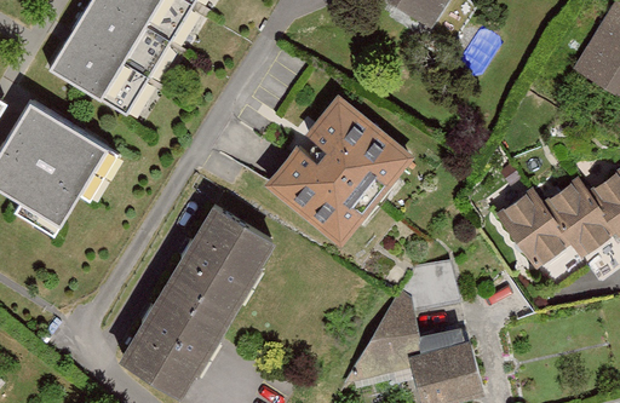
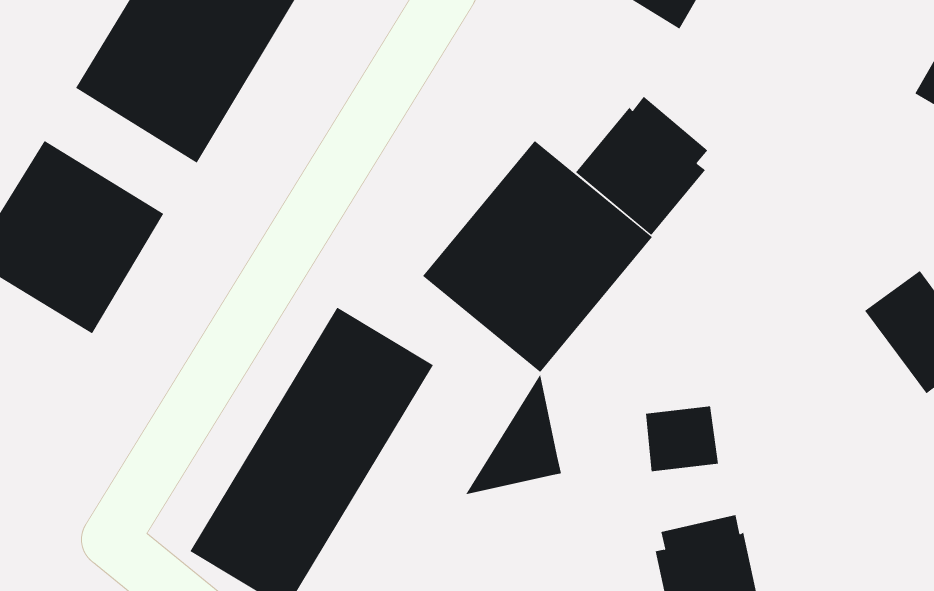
building: none -> [575,96,708,236]
building: [498,190,573,269] -> none
building: [360,290,420,367] -> [465,373,562,495]

